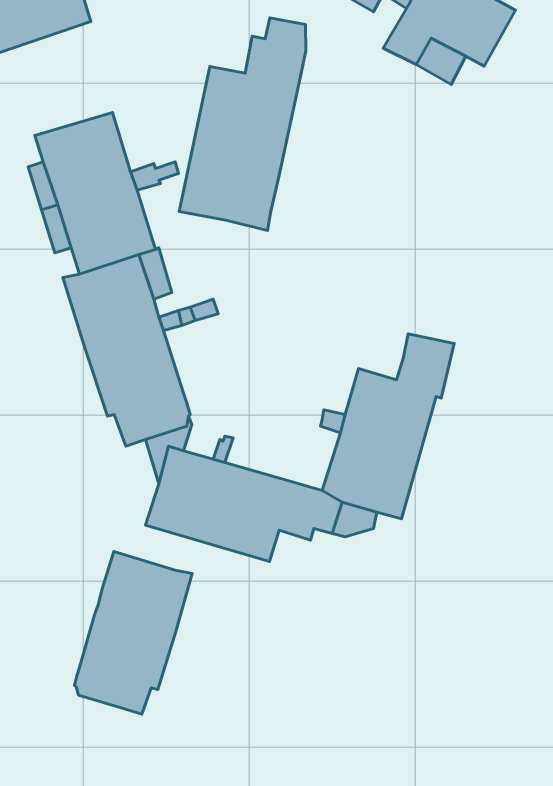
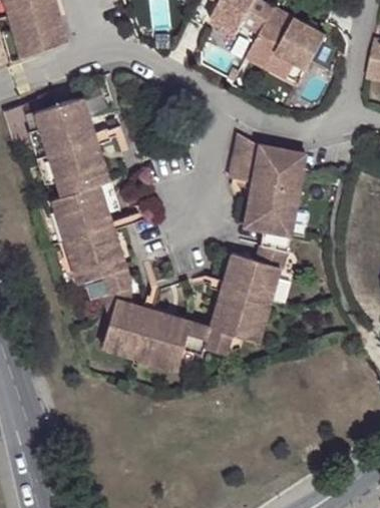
building: [179,18,306,230] -> none
building: none -> [227,133,306,236]
building: [74,551,192,714] -> none

